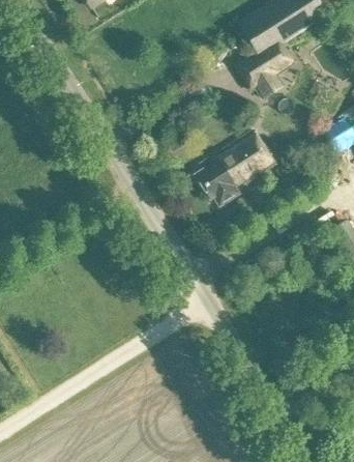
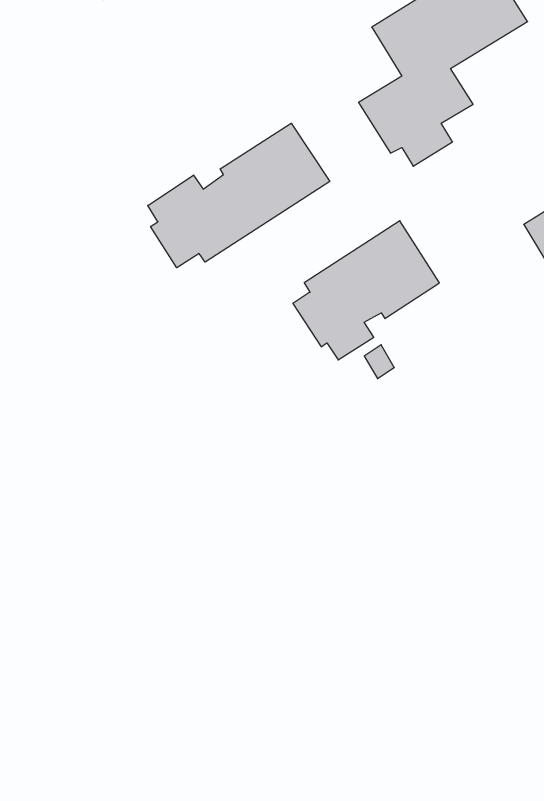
building: none -> [148,123,330,268]

